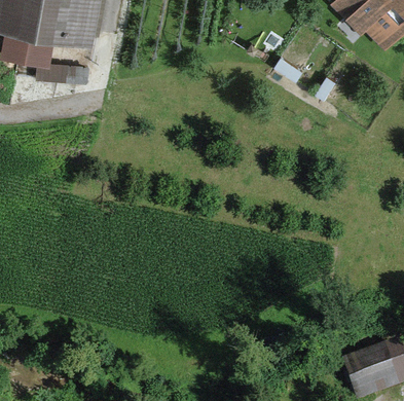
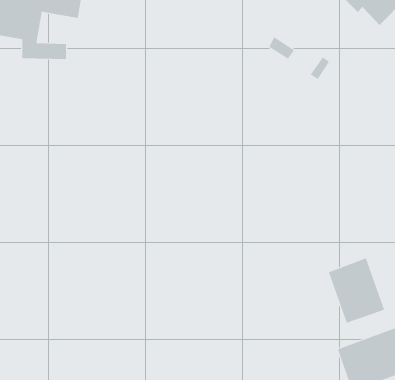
building: none -> [328,258,385,323]

